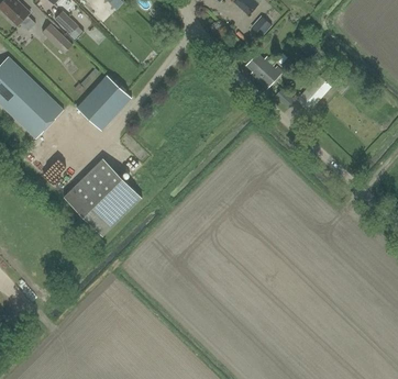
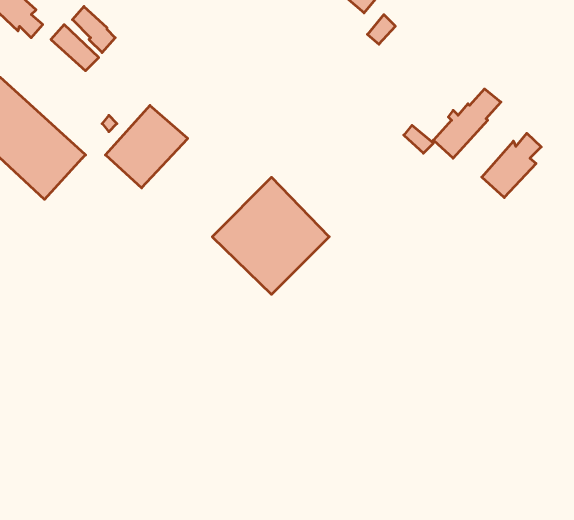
building: [246,52,283,86] -> none
building: none -> [482,133,541,198]
building: [63,158,141,236] -> [212,177,329,294]

